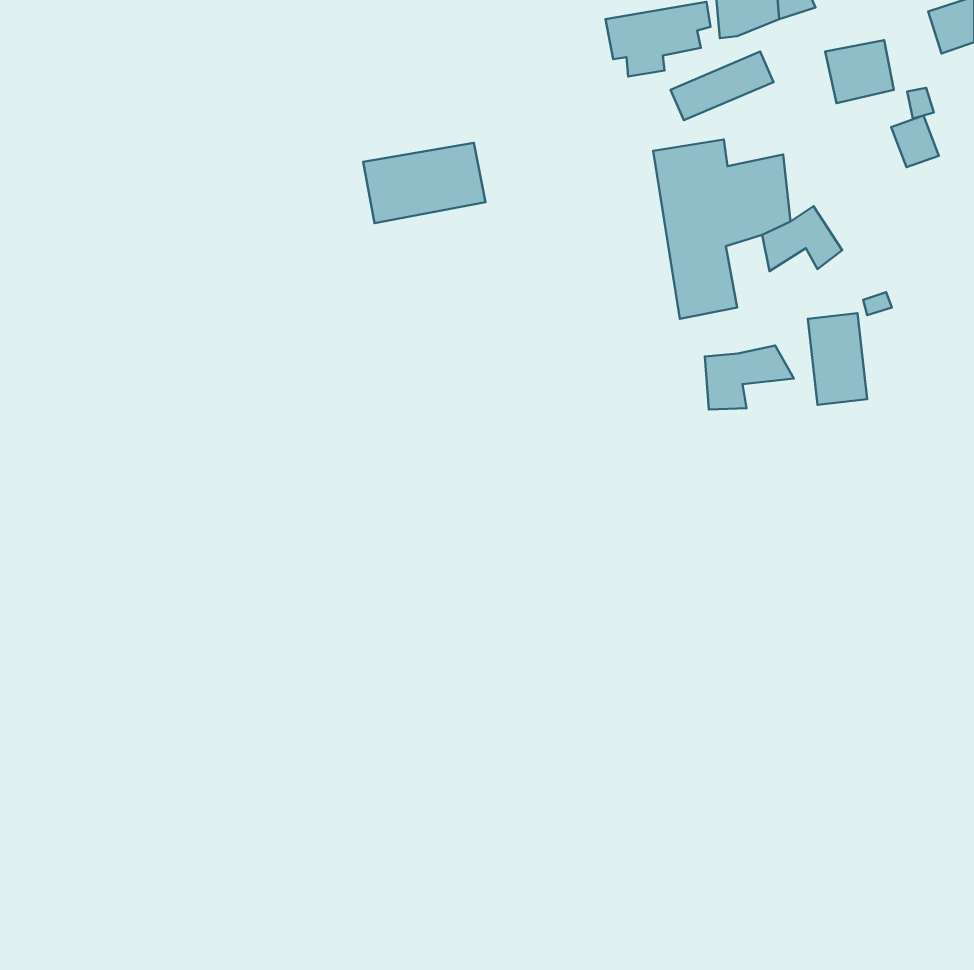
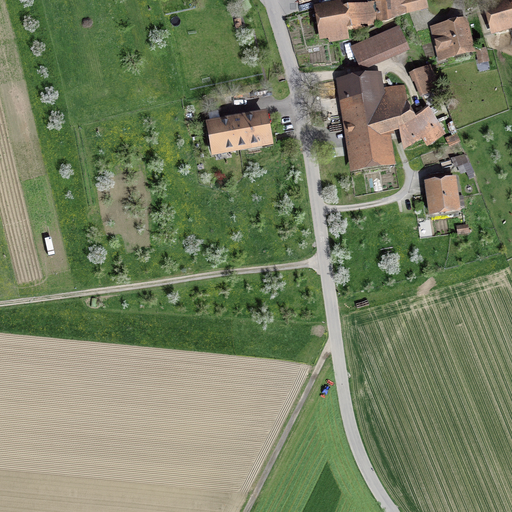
building: [891,116,939,167] -> [413,66,438,93]
building: [363,143,485,223] -> [207,111,271,153]
building: [705,345,794,409] -> none

